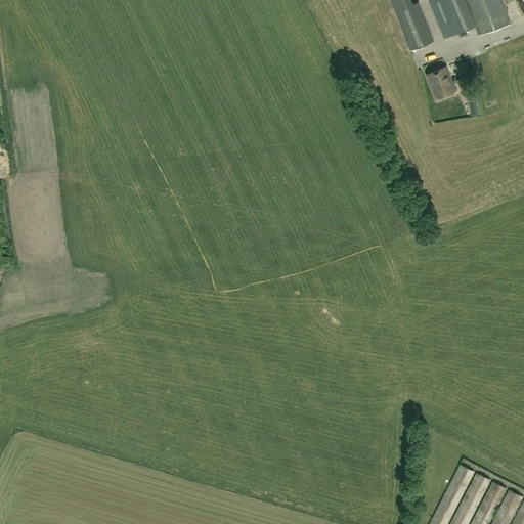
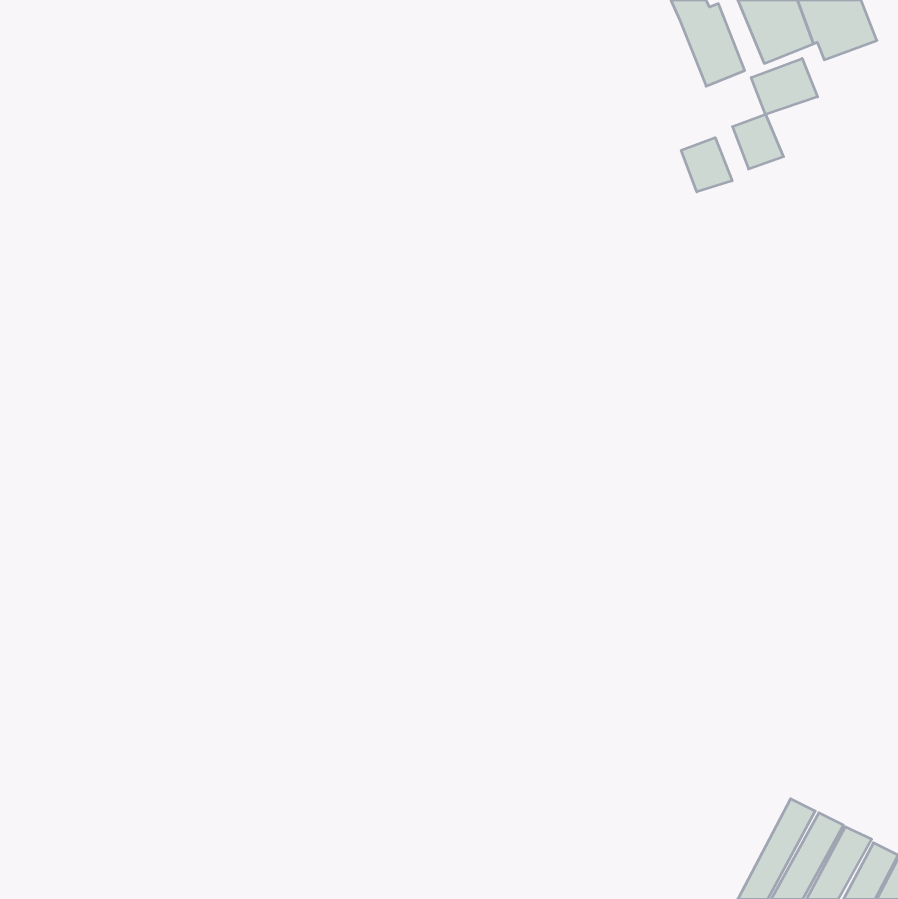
building: none -> [751,58,818,115]
building: none -> [681,138,732,192]

